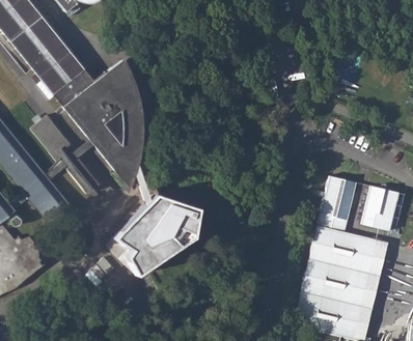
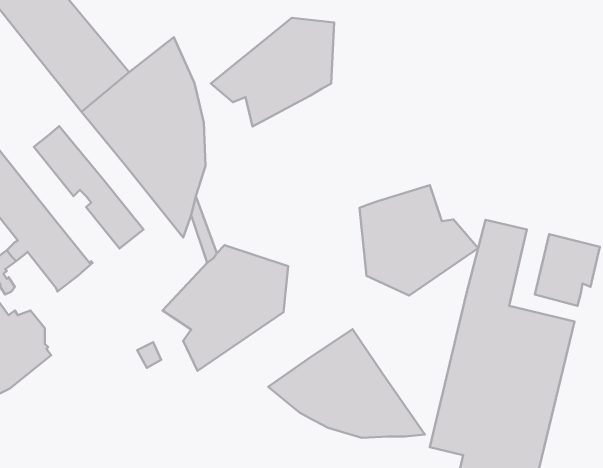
building: none -> [211,18,334,126]
building: none -> [360,185,478,295]
building: none -> [268,329,425,438]

